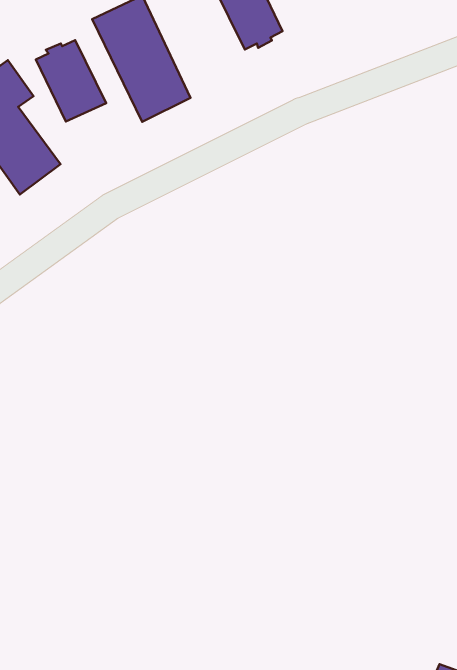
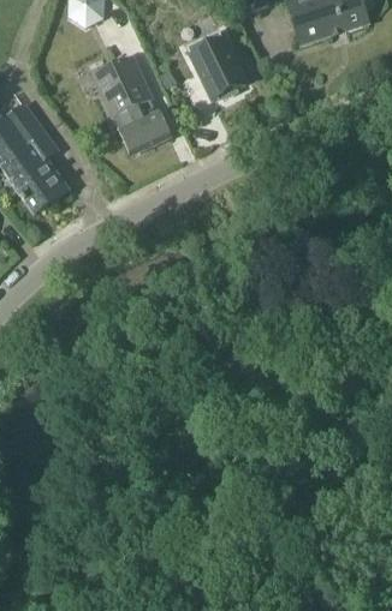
building: [36,40,106,122] -> none

